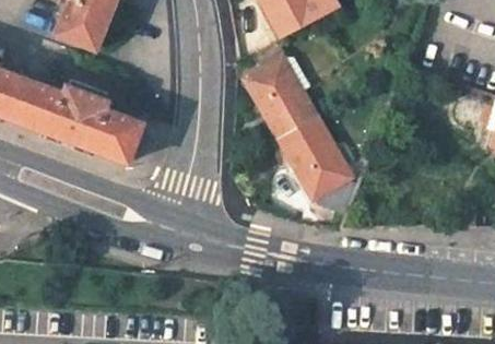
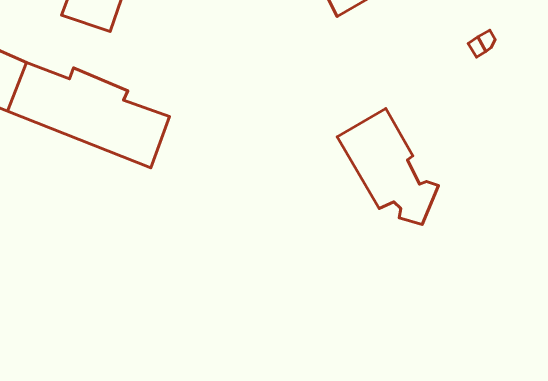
building: [244,60,318,139] -> none

